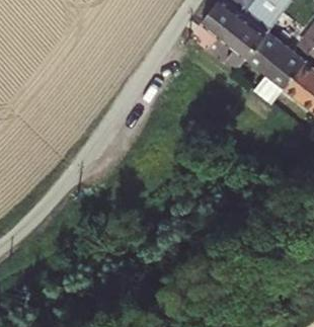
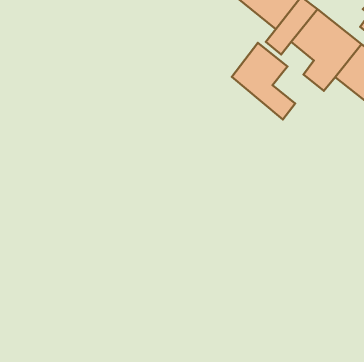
building: none -> [232,43,295,119]

